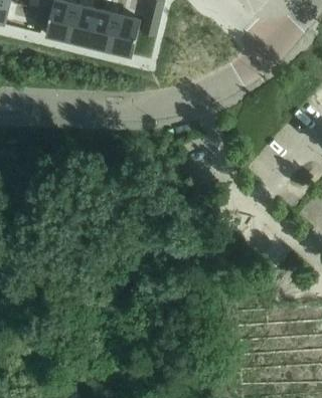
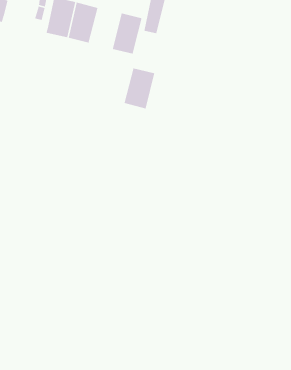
building: [90,9,121,50] -> [124,68,155,110]

